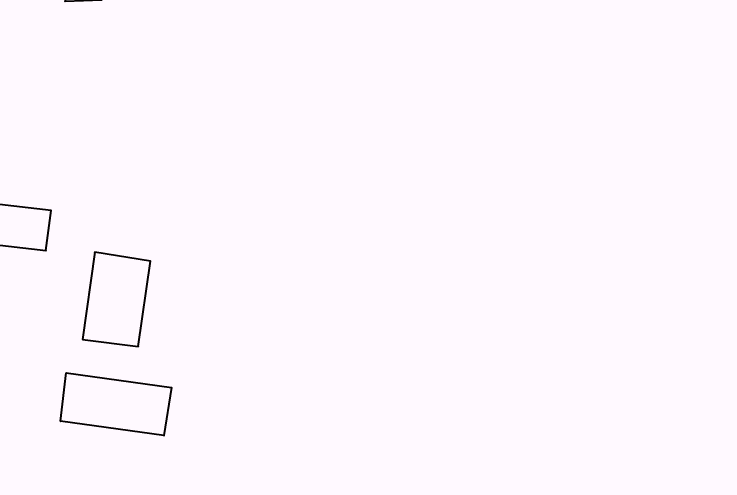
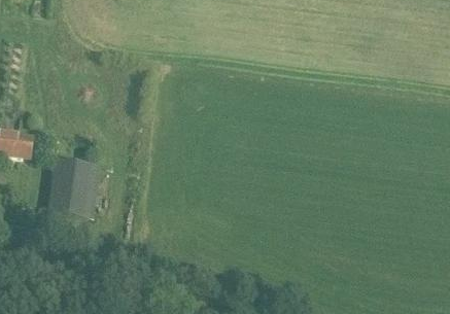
building: [61,373,172,436] -> none

